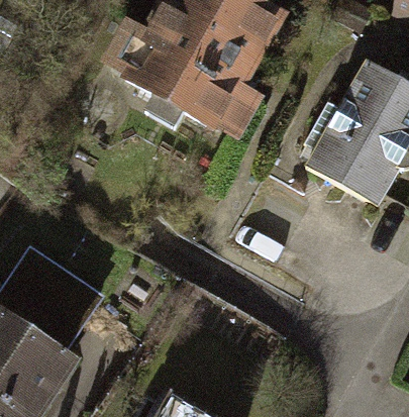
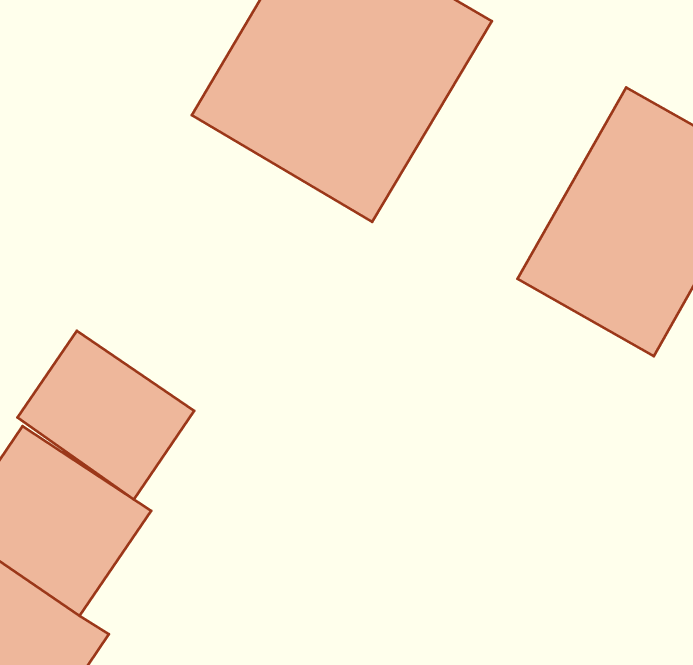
building: none -> [18,331,194,499]

